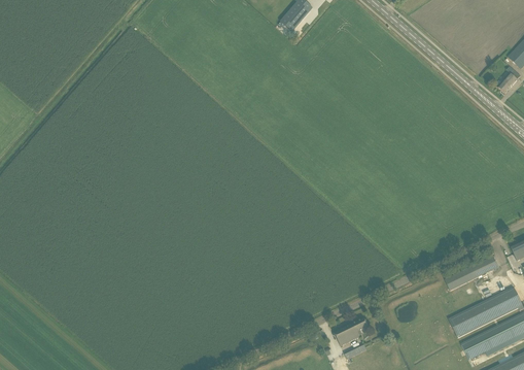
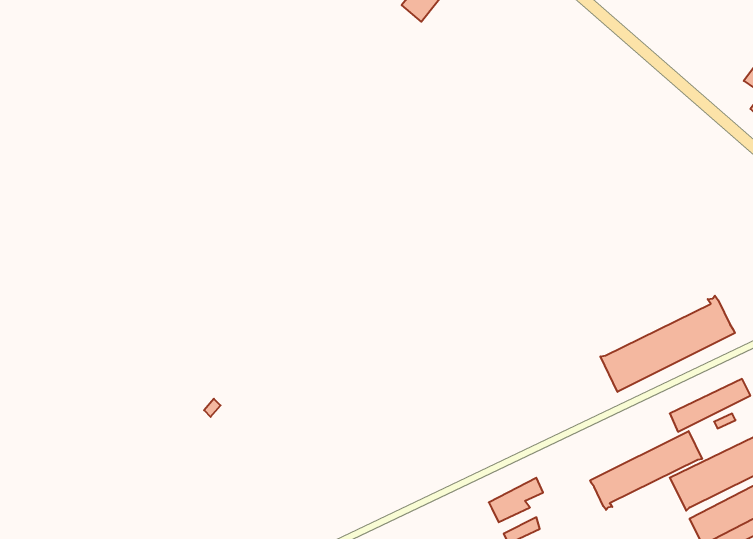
building: none -> [600,296,735,392]
building: none -> [590,431,702,510]

